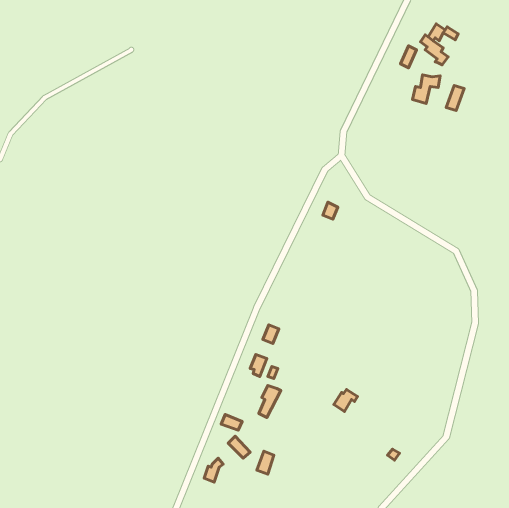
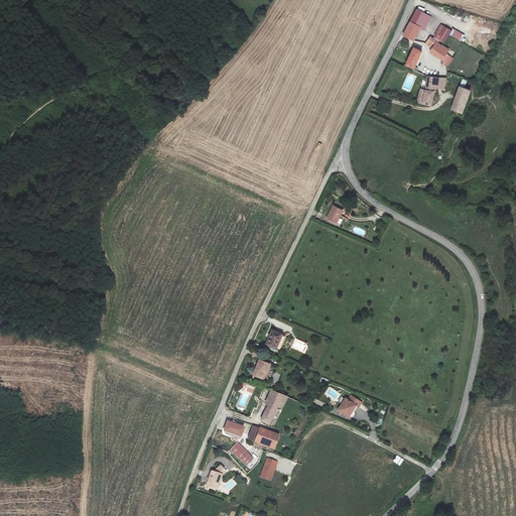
building: none -> [403,8,431,39]
building: none -> [249,424,280,448]

